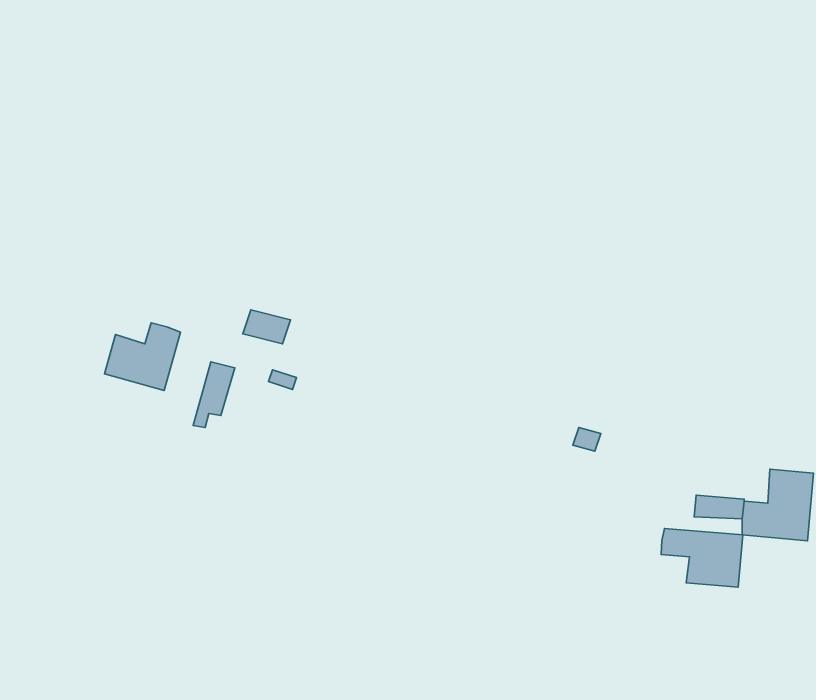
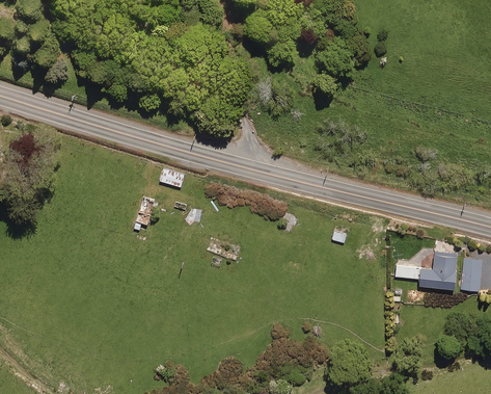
building: [104,323,180,391] -> none
building: [661,528,743,587] -> none

